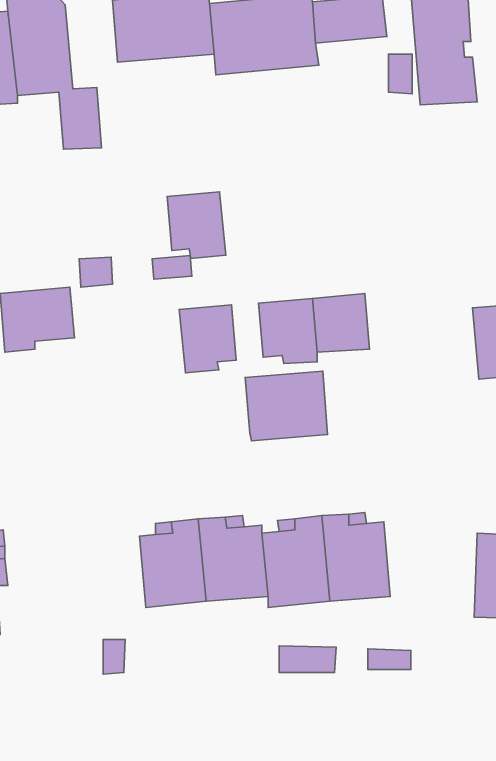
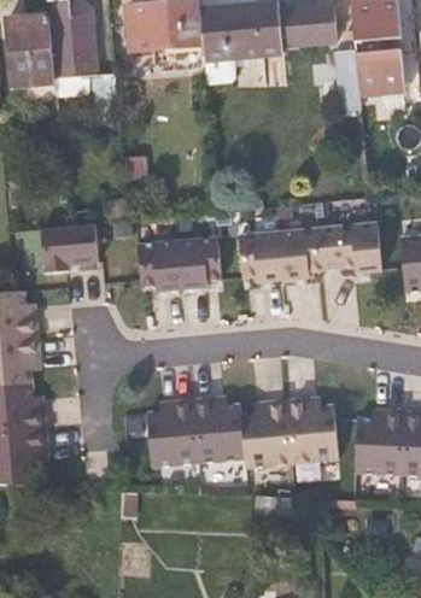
building: [167,192,226,258] -> [138,240,182,291]
building: [245,371,328,441] -> [318,223,381,276]
building: none -> [356,409,404,474]

